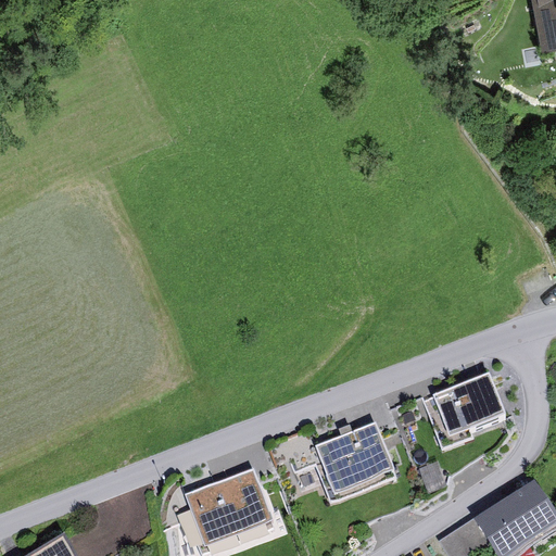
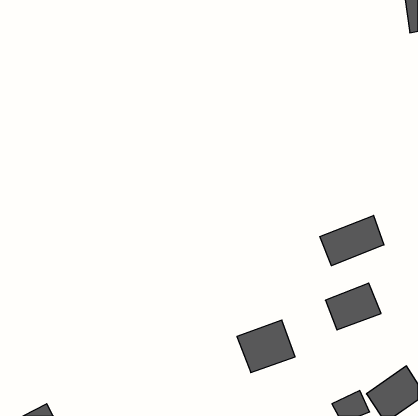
building: none -> [320,215,384,266]
building: [186,470,269,545] -> none

